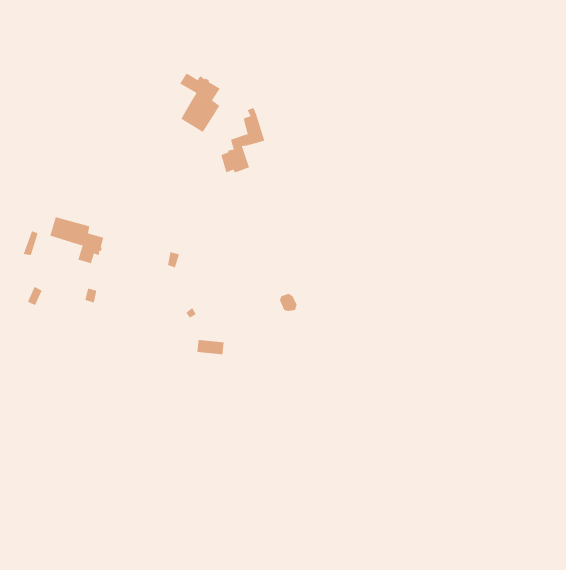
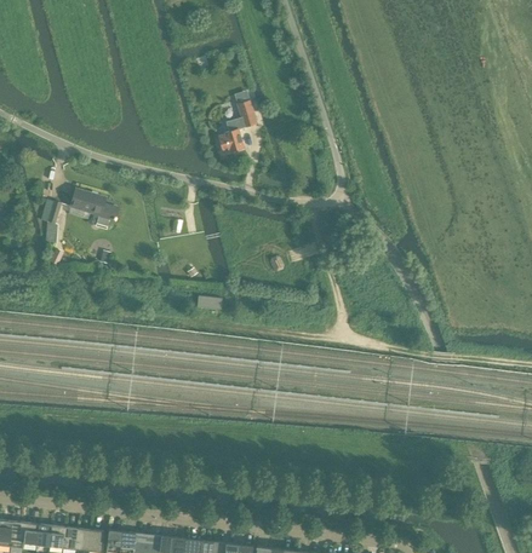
building: [180,73,220,133] -> none

